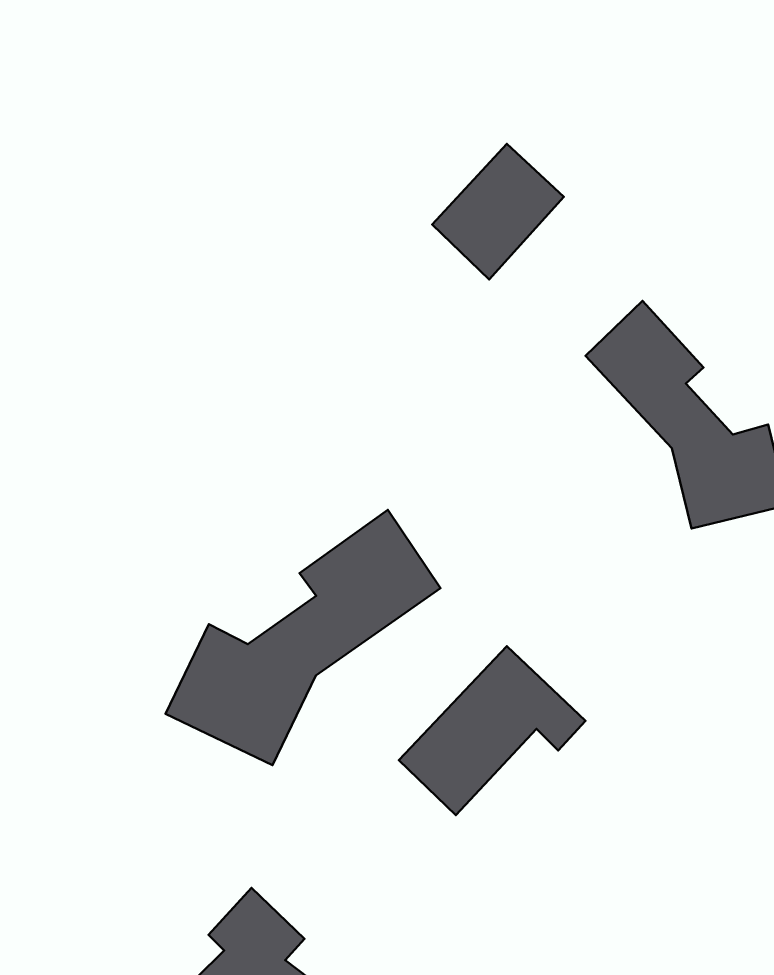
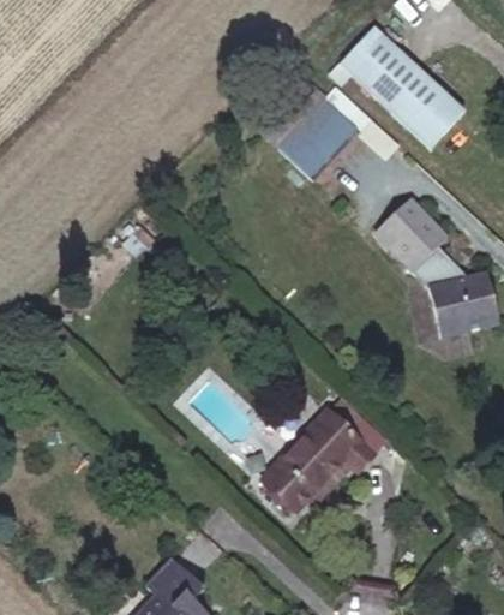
building: none -> [340,28,464,148]
building: [165,510,441,765] -> none

